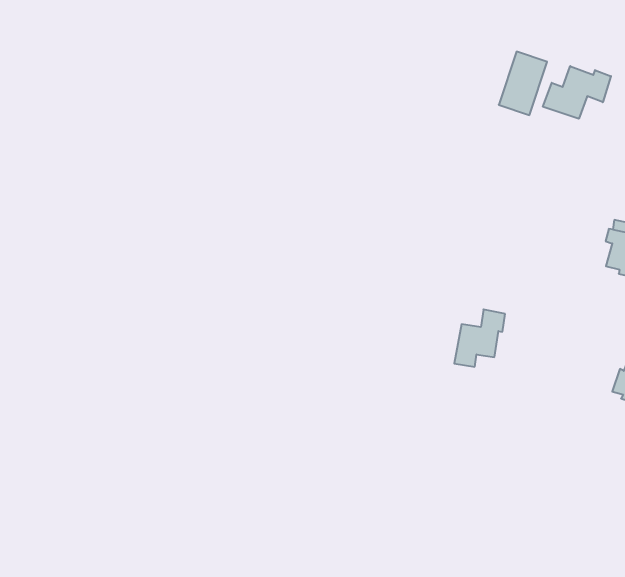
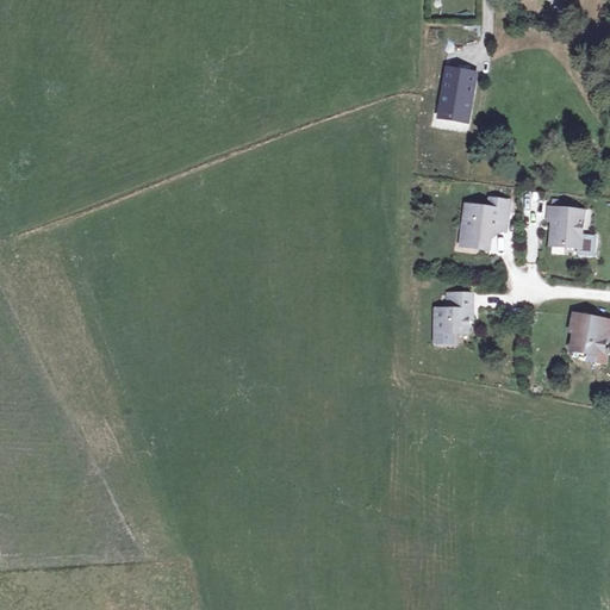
building: [543,66,611,119] -> none
building: none -> [460,198,508,248]

